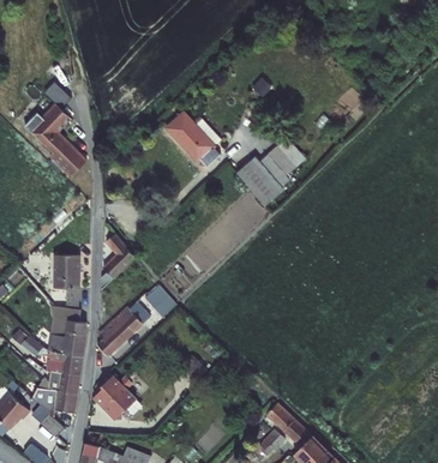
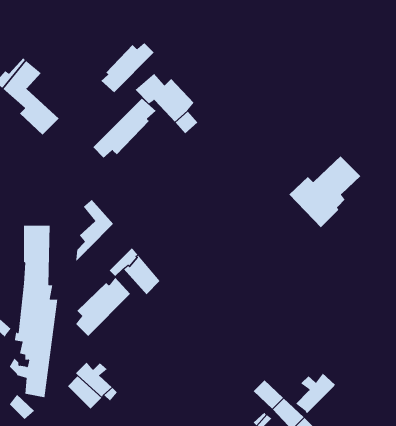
building: none -> [100,42,155,93]
building: [236,136,304,203] -> [289,155,361,228]
building: none -> [92,98,156,158]
building: none -> [295,373,336,414]

